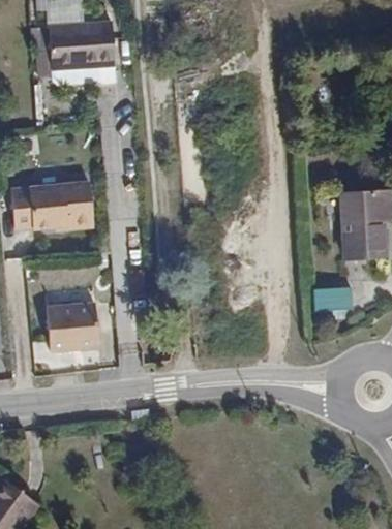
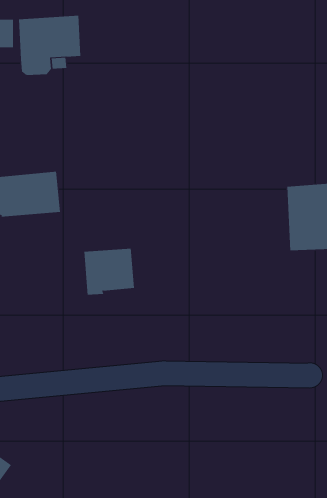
building: [313,286,352,312] -> none
building: [49,303,100,350] -> [84,248,135,295]

